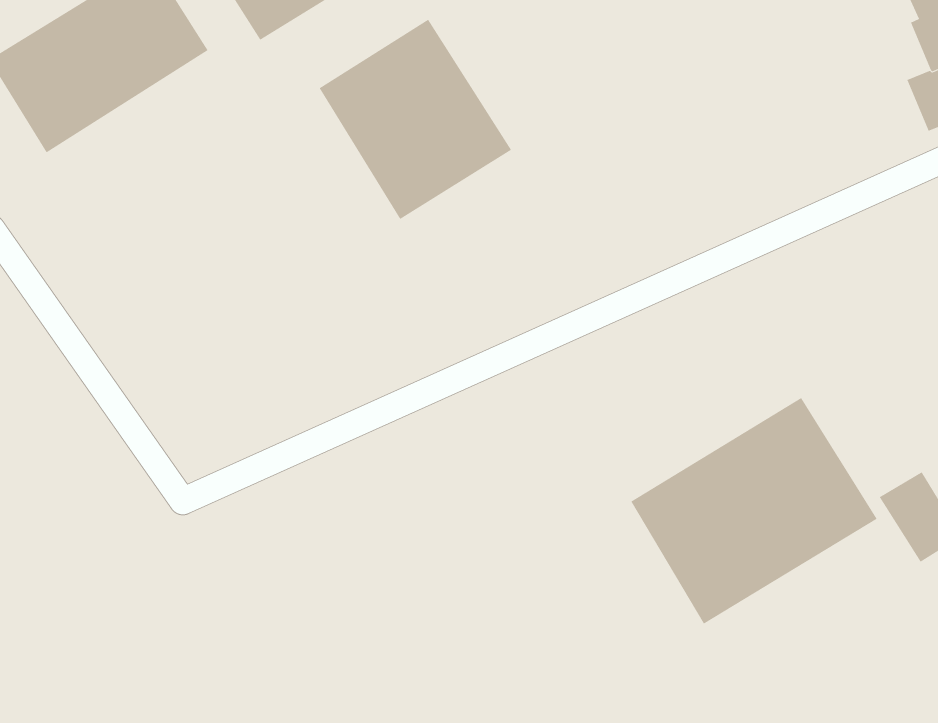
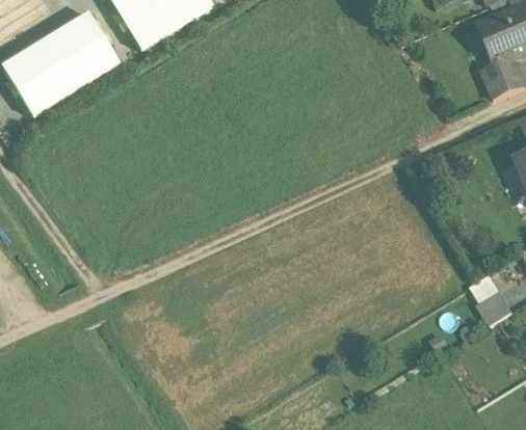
building: [319,19,512,220] -> none
building: [631,397,878,625] -> none

